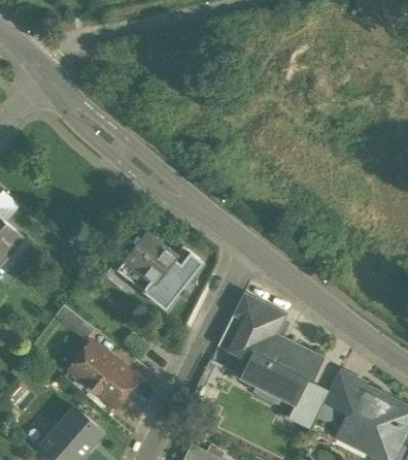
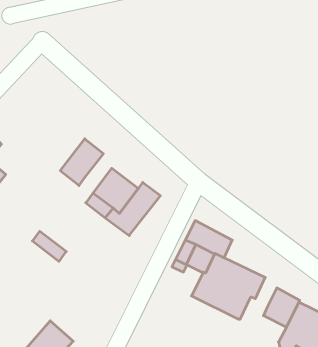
building: none -> [60,139,103,186]
building: [70,343,136,405] -> none
building: [287,381,328,430] -> none

